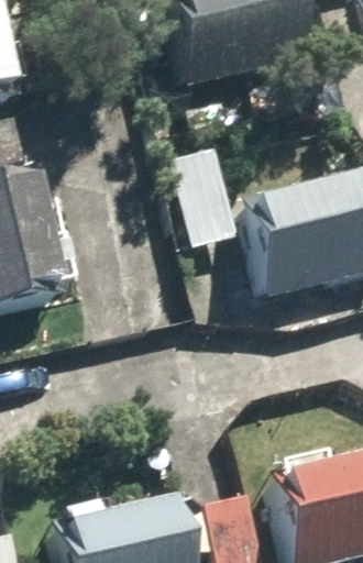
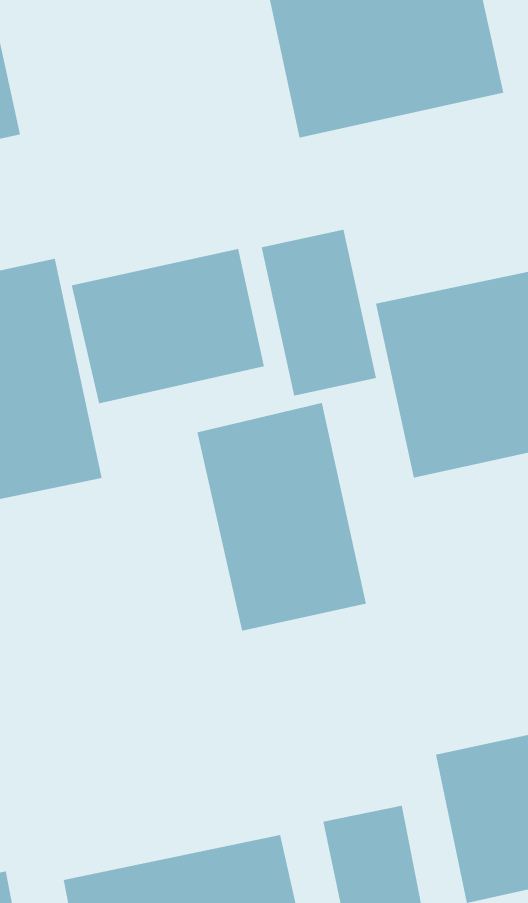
building: none -> [71,248,264,404]
building: none -> [197,402,366,631]

